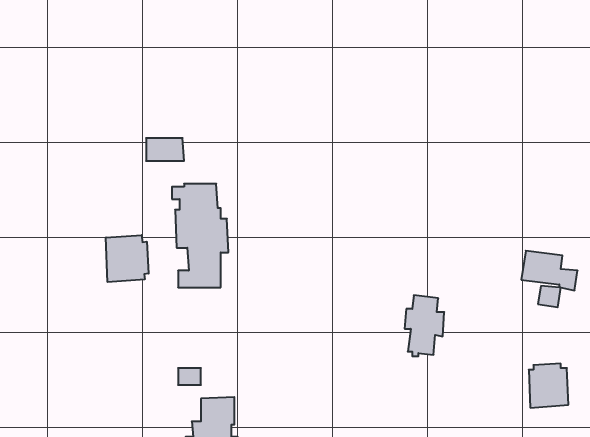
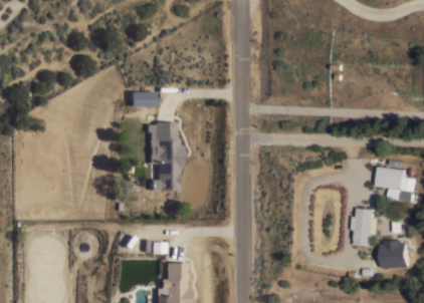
building: [106,235,149,282] -> none
building: [405,295,444,356] -> [352,207,378,247]

